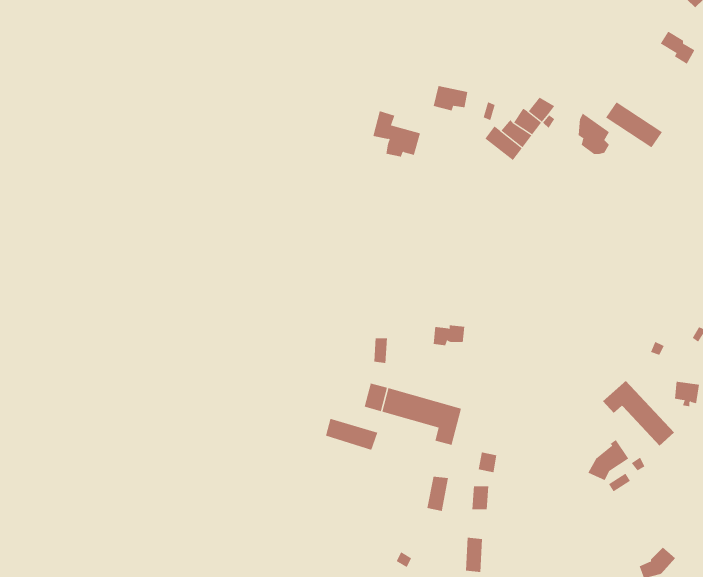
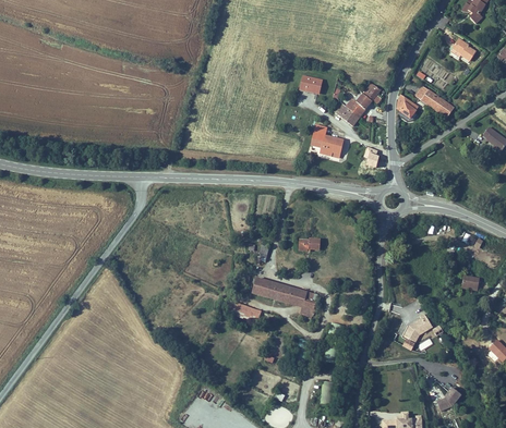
building: [373,111,421,157] -> [311,124,344,156]
building: [602,380,675,446] -> none

